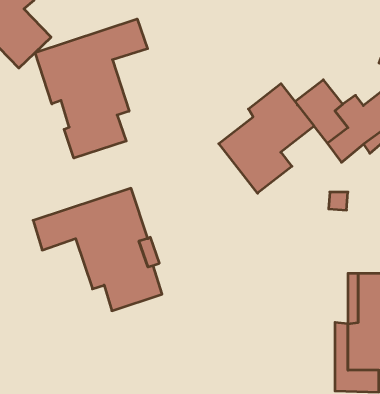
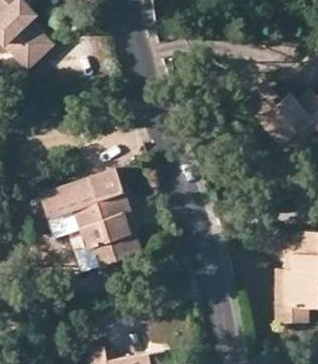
building: [35,19,148,158] -> none
building: [219,84,314,193] -> none

